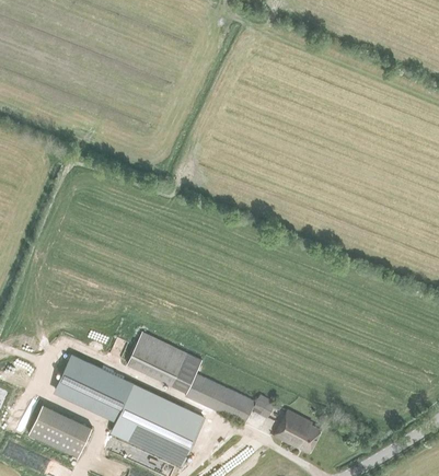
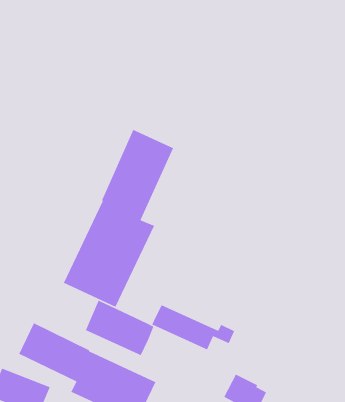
building: none -> [63,129,174,308]
building: [185,374,275,423] -> [151,304,235,350]

